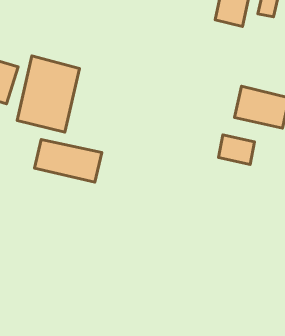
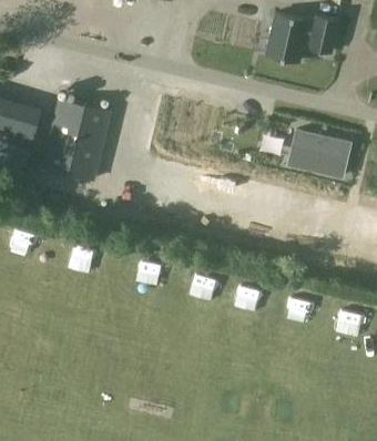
building: [219,135,254,164] -> none
building: [34,139,102,182] -> none

